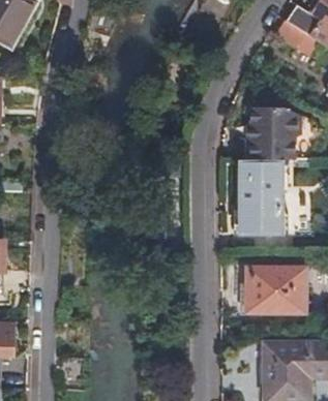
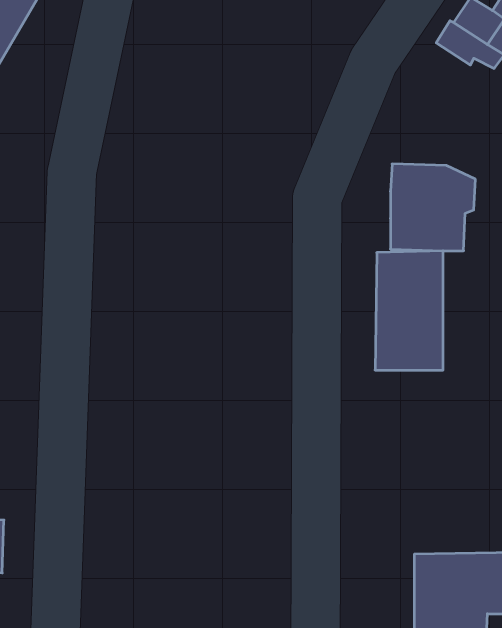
building: [245,267,304,312] -> none

